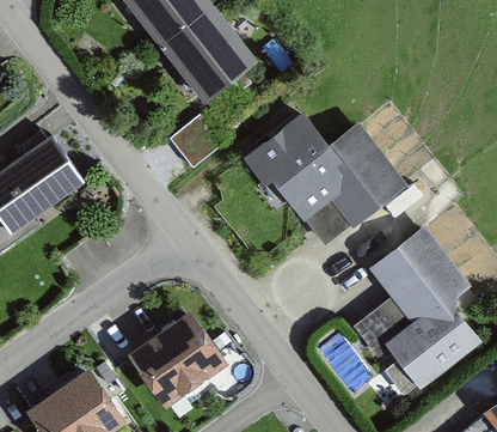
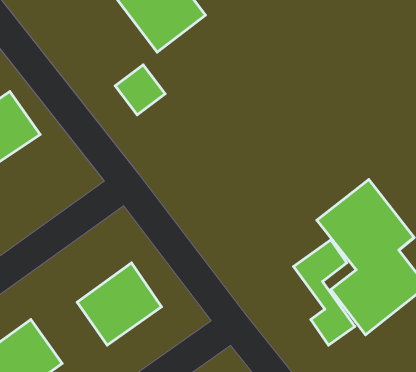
building: [252,110,405,245] -> none

